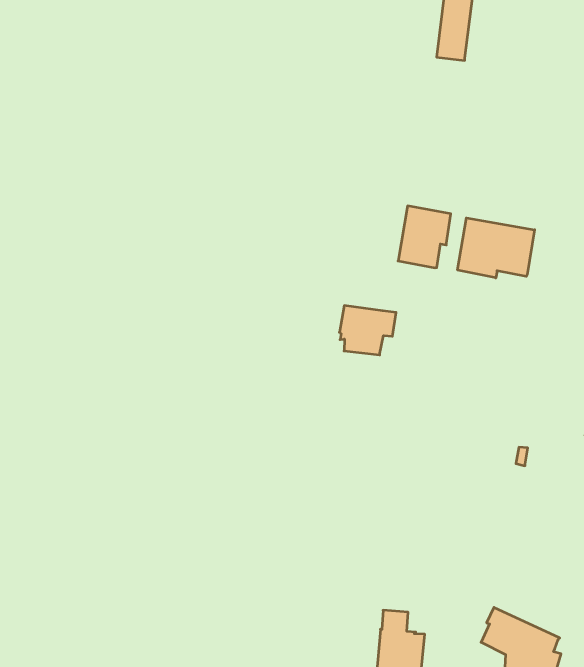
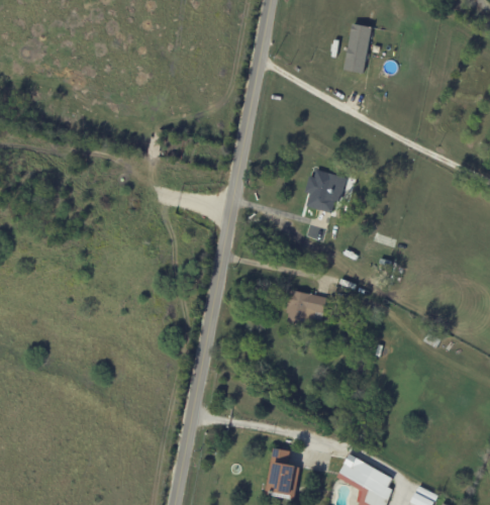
building: [458,218,535,278] -> none
building: [339,306,396,355] -> [285,289,325,325]

